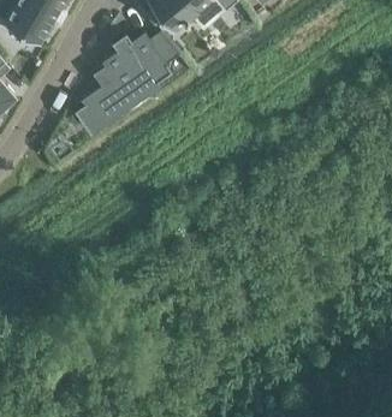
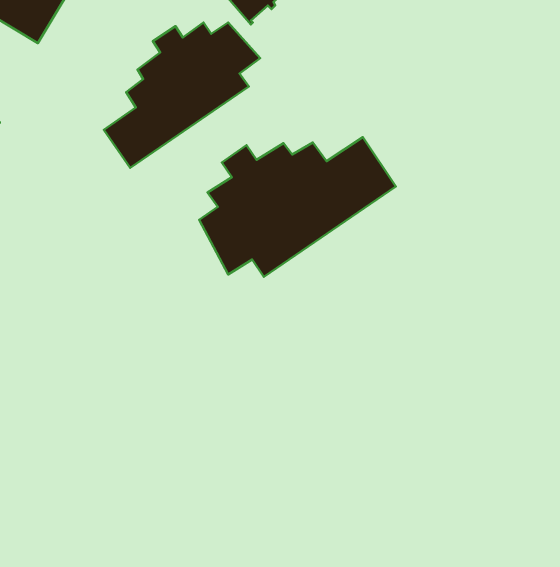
building: none -> [199,137,396,277]

